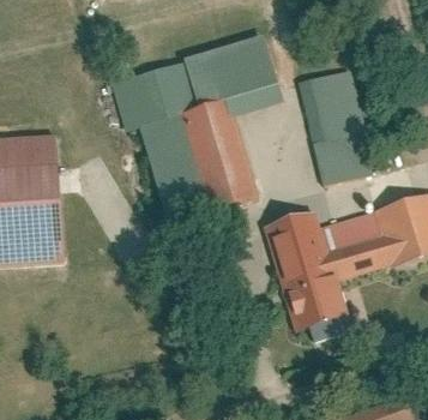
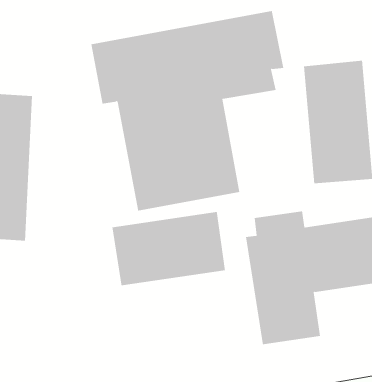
building: none -> [112,211,226,286]

